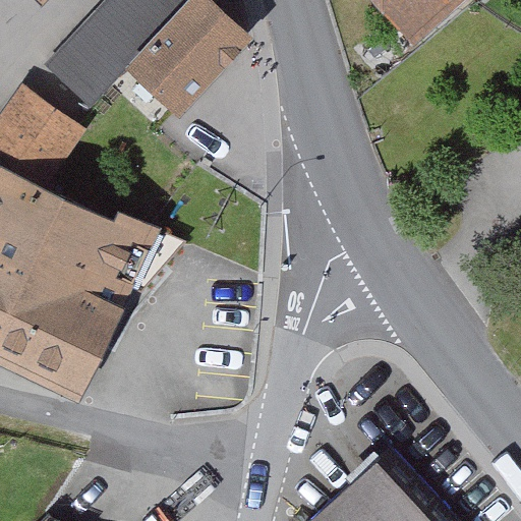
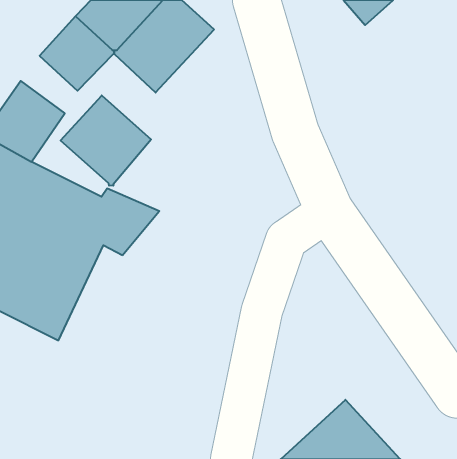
building: none -> [61,95,151,186]

